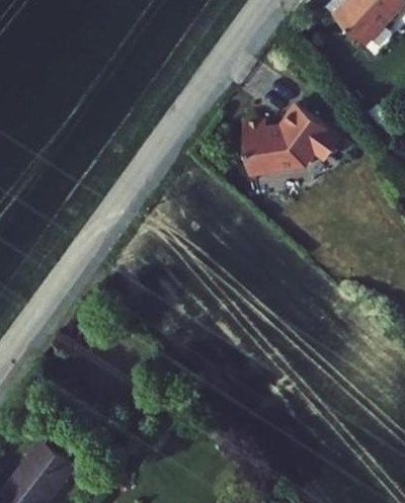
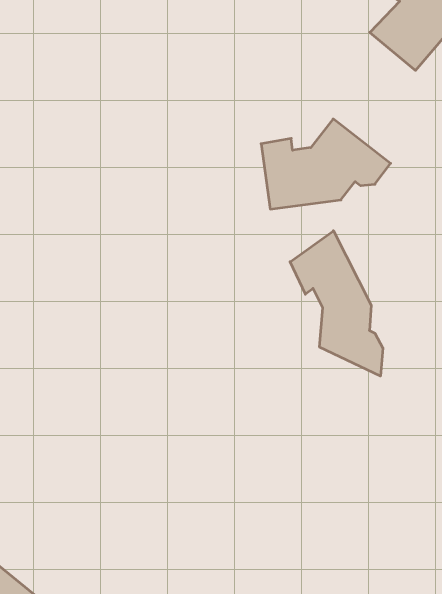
building: none -> [290,231,383,376]

